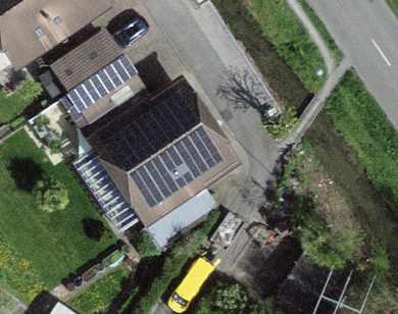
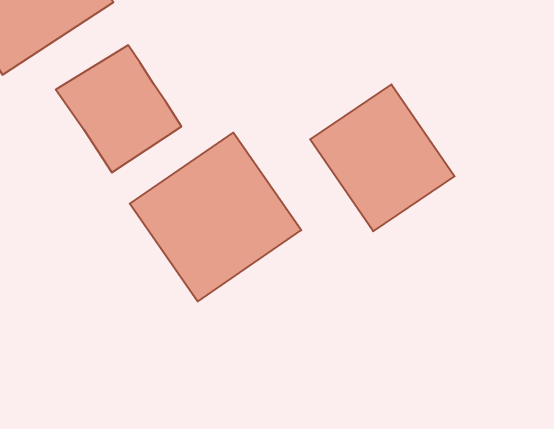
building: none -> [310,84,455,231]

